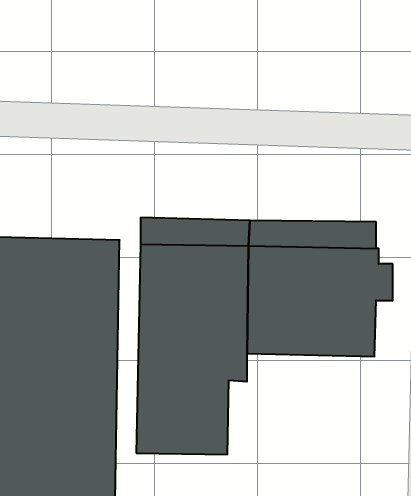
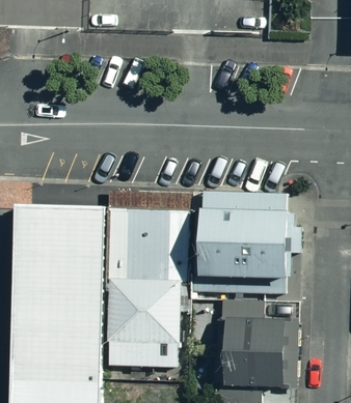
building: none -> [222,317,280,383]

